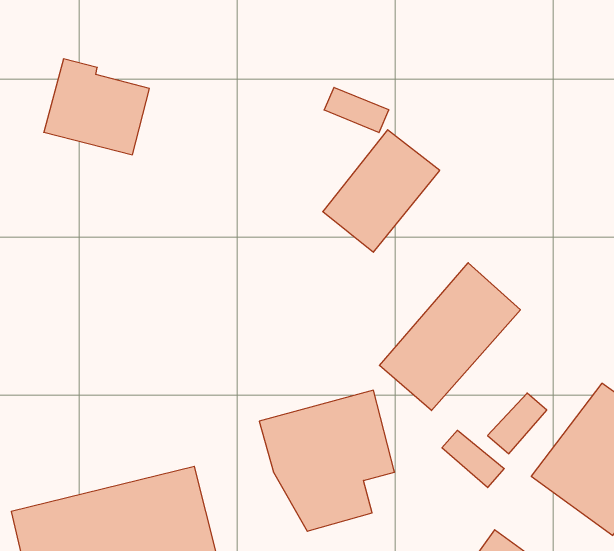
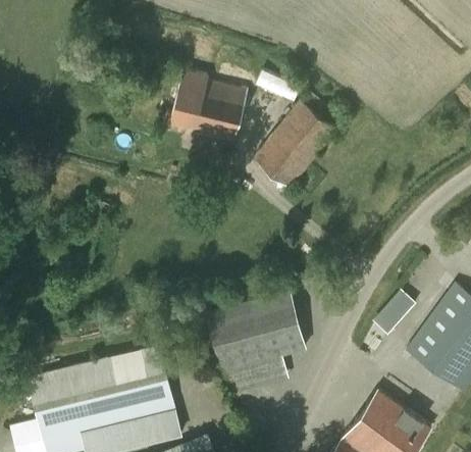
building: [44,59,149,155] -> [169,70,246,140]
building: [379,263,520,411] -> none
building: [442,430,504,488] -> none

